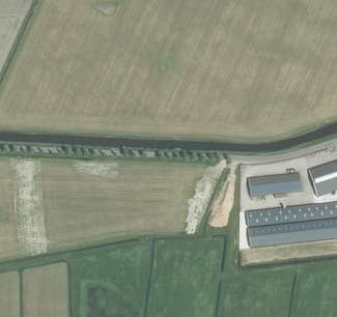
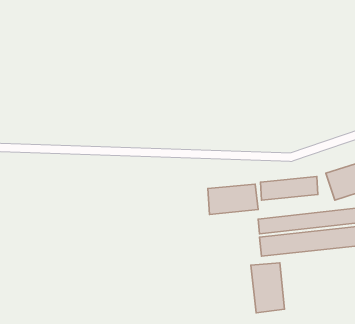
building: none -> [208,184,258,214]
building: none -> [251,263,284,313]

